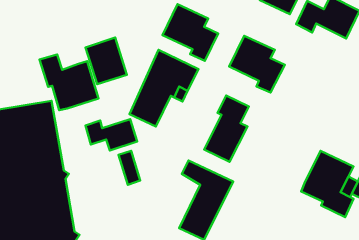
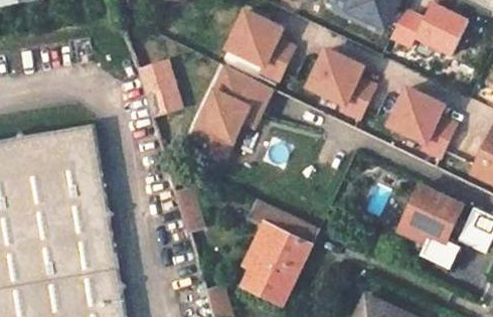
building: [40,55,99,110] -> none
building: none -> [389,90,456,159]
building: [204,96,249,162] -> none
building: [85,119,137,150] -> none

